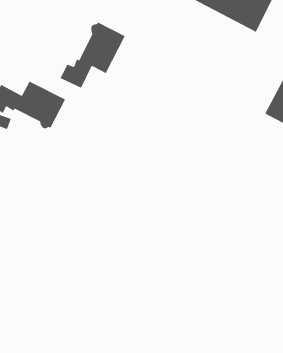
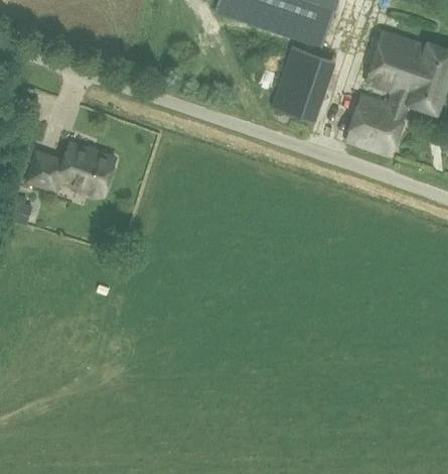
building: [59,22,126,89] -> none
building: none -> [273,47,331,131]

